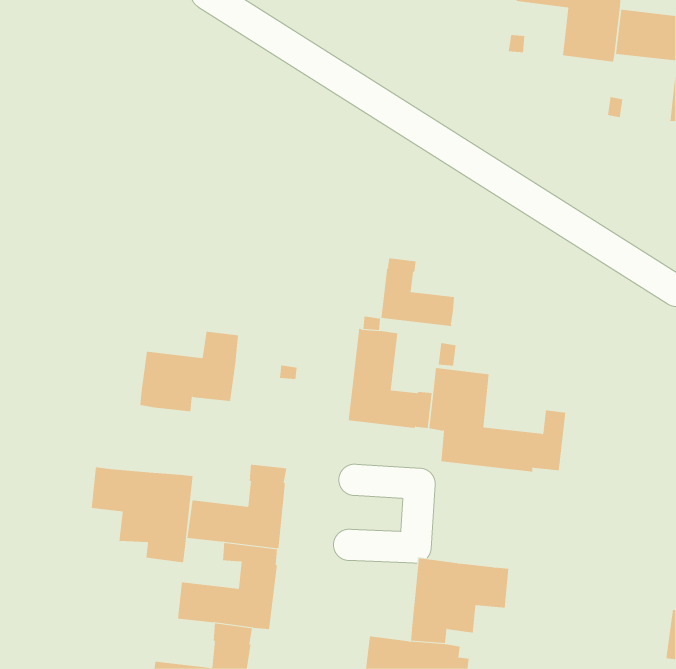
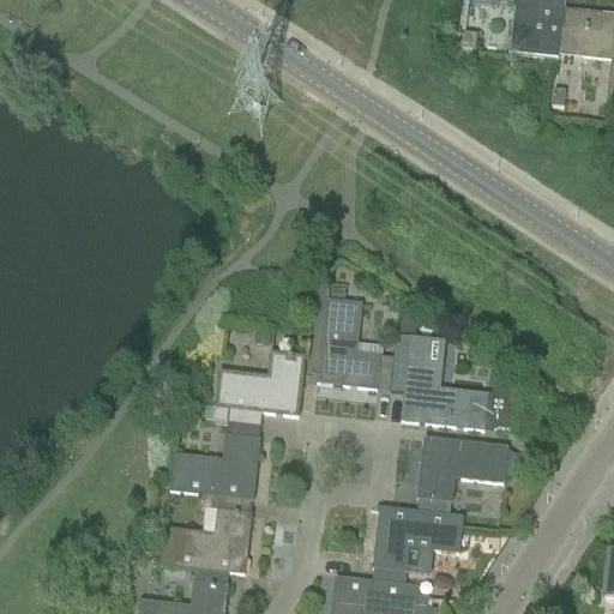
building: [381,258,455,327] -> none
building: [140,331,239,412] -> [213,351,303,425]
building: [91,467,193,563] -> none
building: none -> [416,437,506,514]

